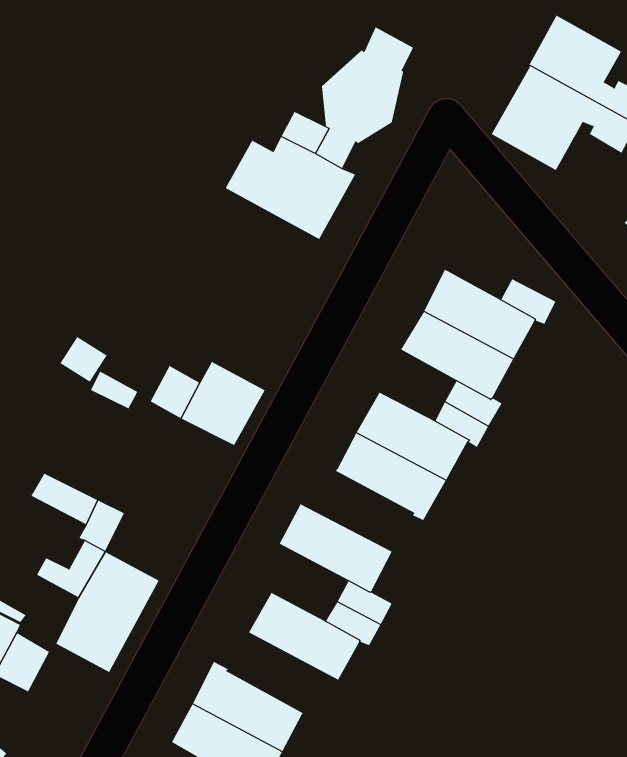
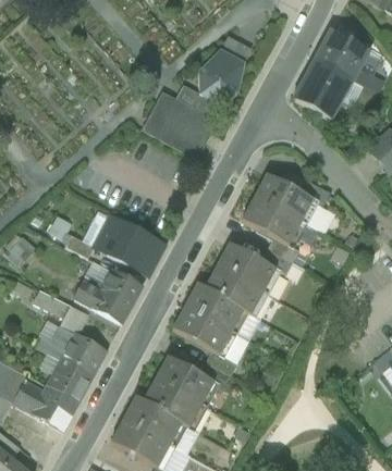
building: none -> [73,269,140,322]
building: none -> [184,283,248,333]
building: none -> [143,379,206,429]
building: none -> [30,385,76,429]

